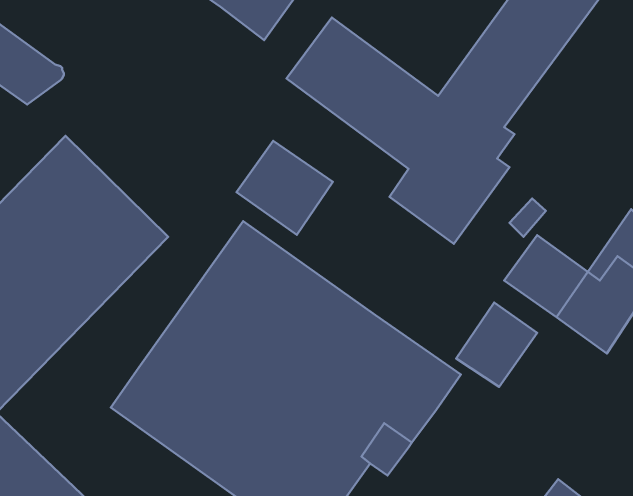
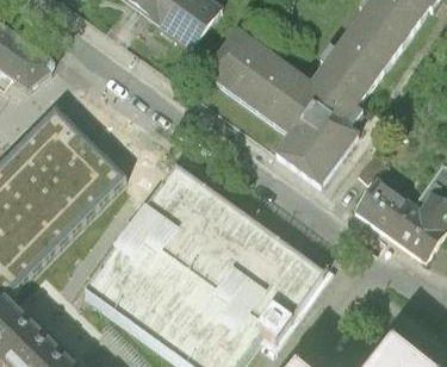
building: [236,141,333,235] -> none
building: [456,303,537,387] -> none

